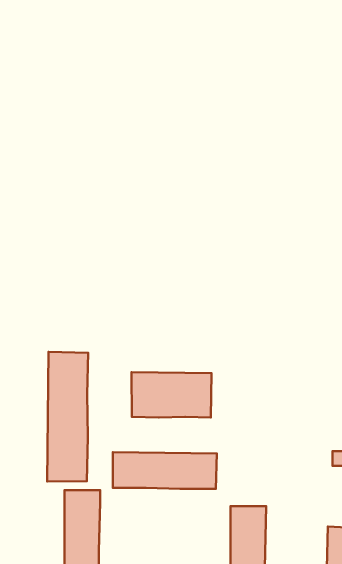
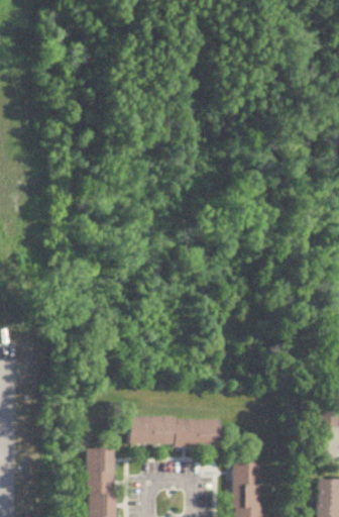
building: [47,352,88,482] -> none
building: [132,372,212,418] -> none

